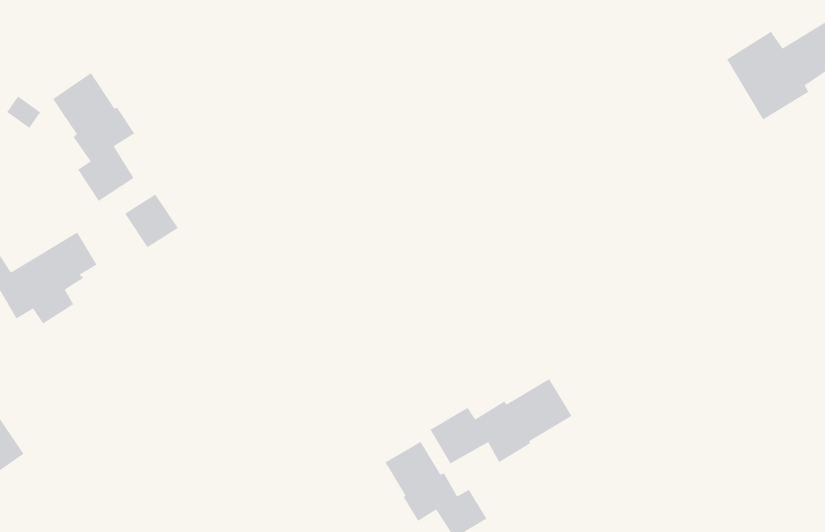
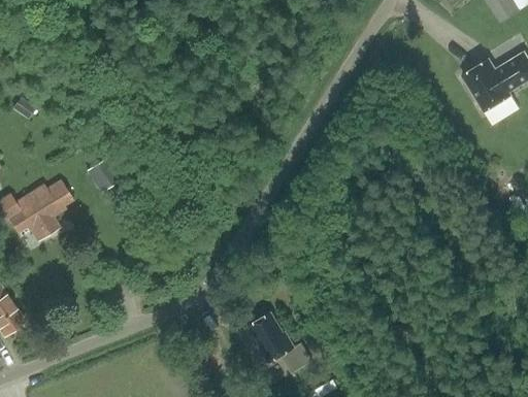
building: [52,72,135,202] -> none
building: [429,378,573,464] -> none

